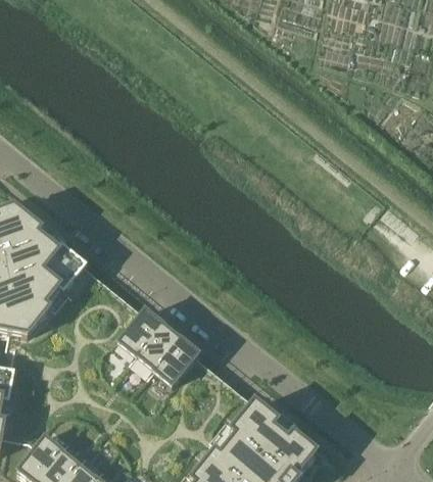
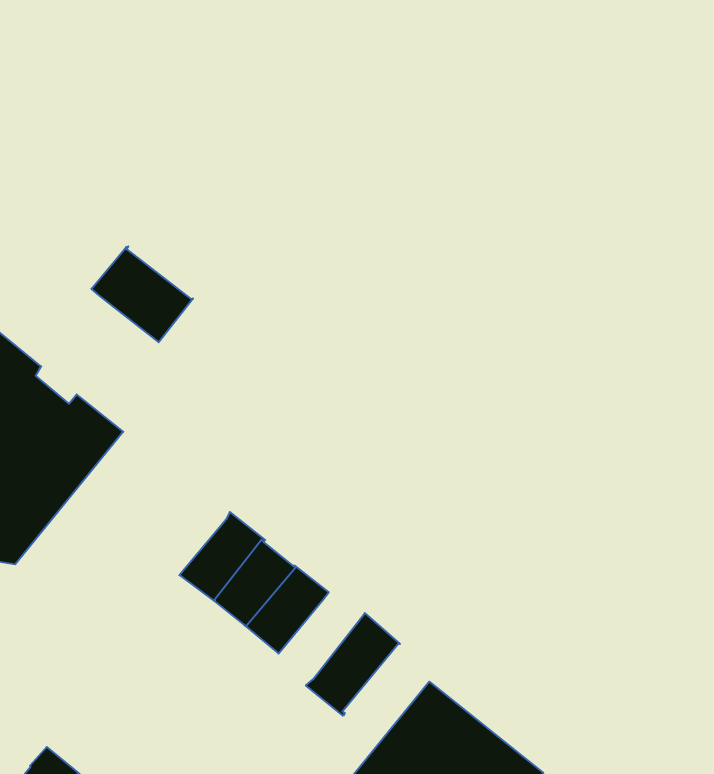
building: none -> [91,246,193,342]
building: none -> [306,613,400,716]

